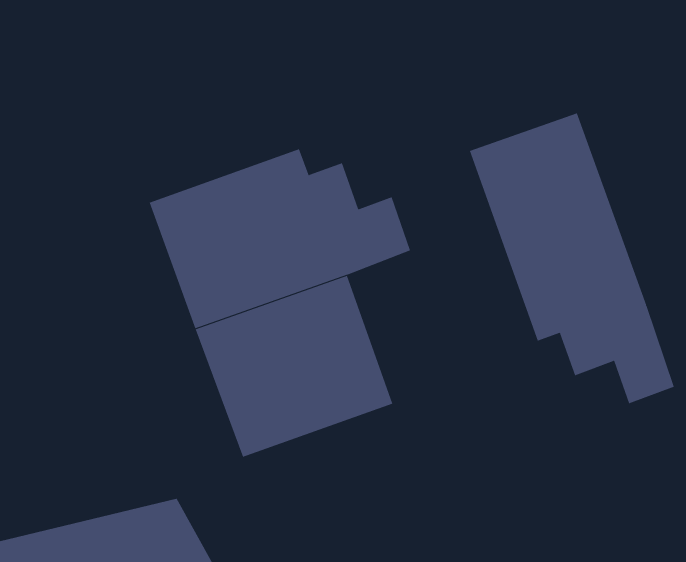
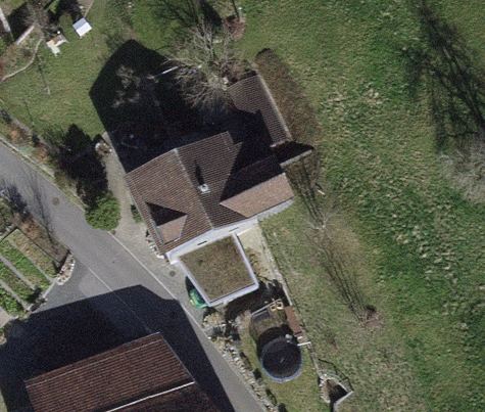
building: [469,113,674,404] -> none

